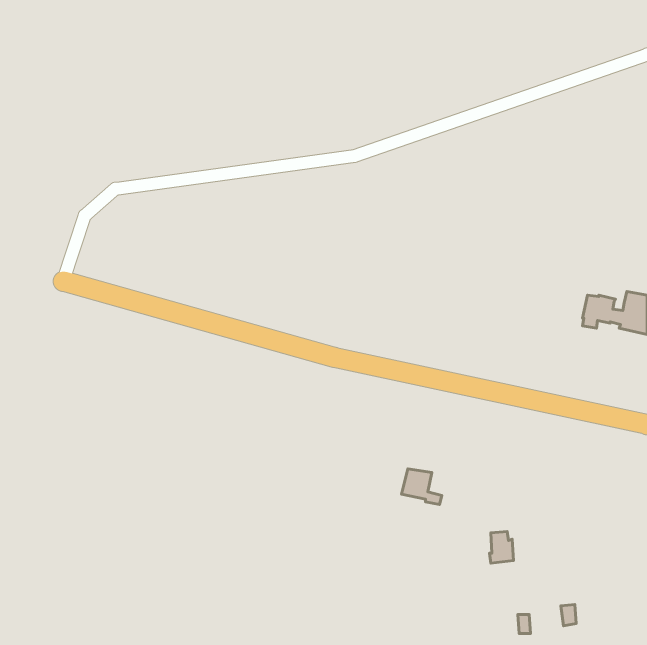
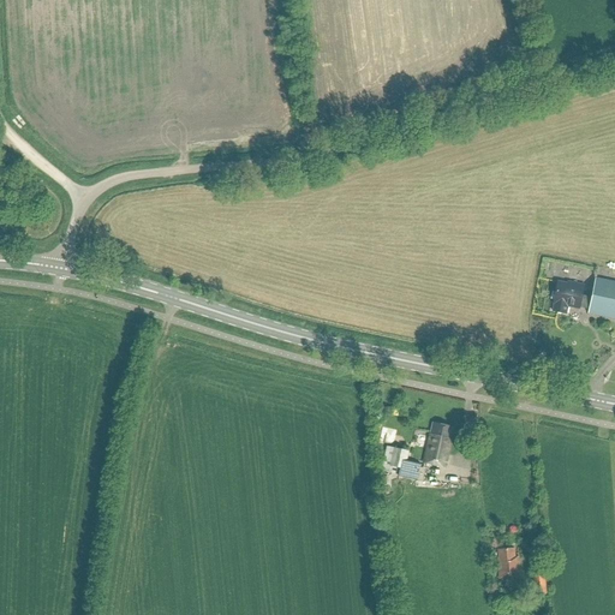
building: none -> [424,420,453,466]
building: [489,531,513,563] -> [497,547,520,577]

